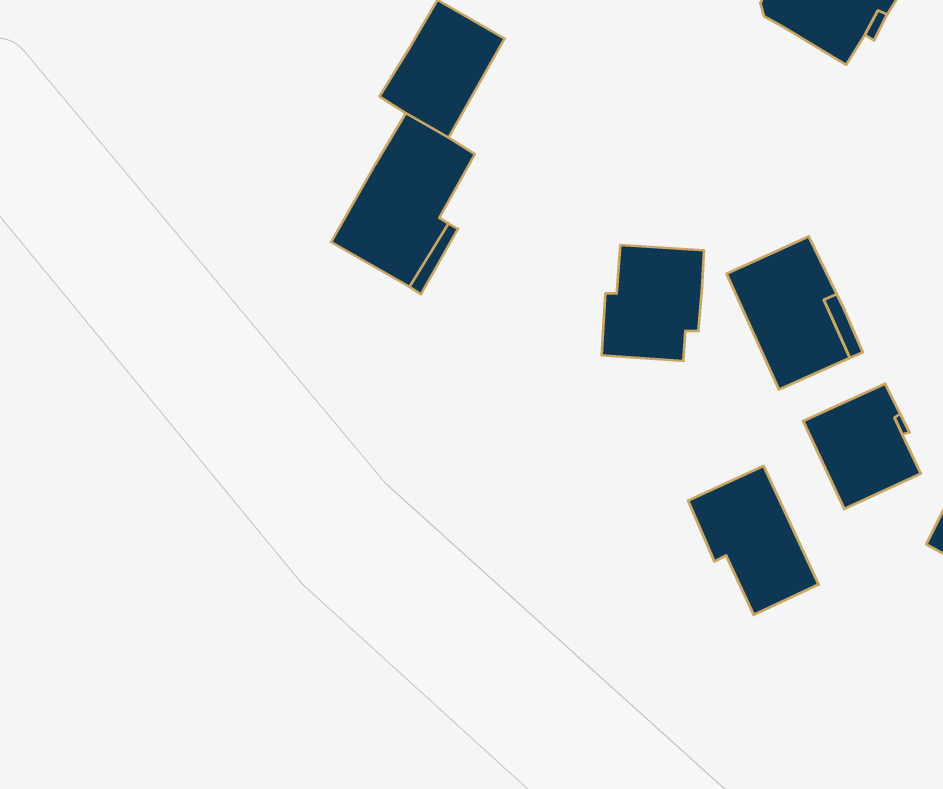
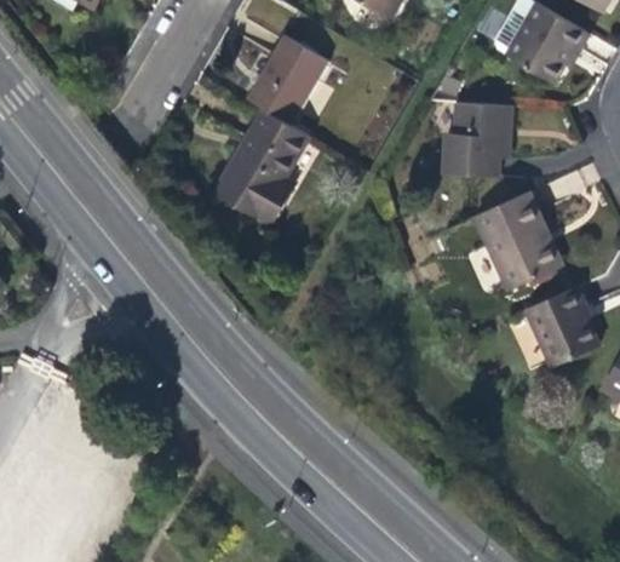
building: [602,245,704,361] -> [444,101,511,176]
building: [688,466,819,615] -> none

